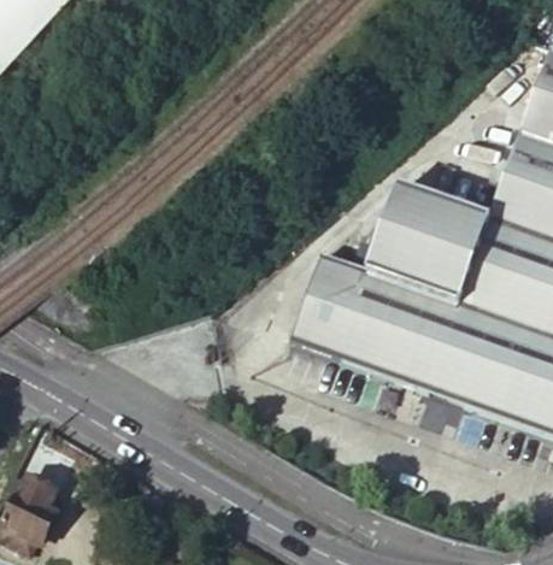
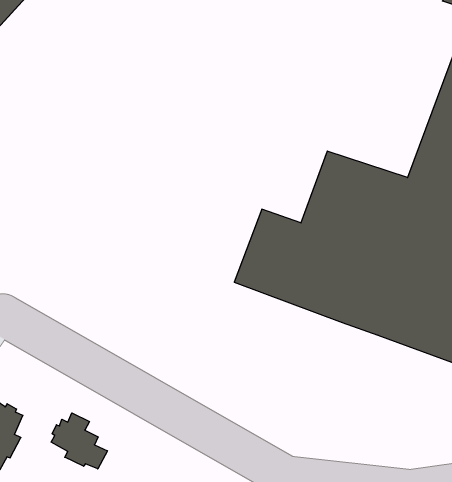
building: none -> [51,413,107,469]

